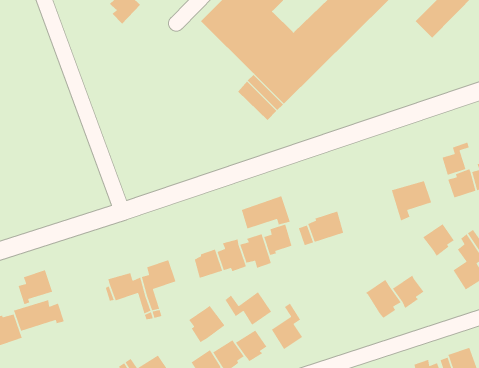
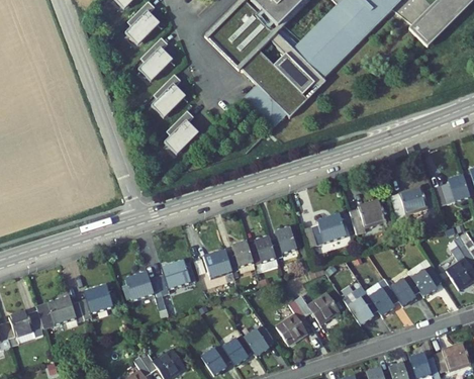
building: none -> [141,34,170,74]
building: none -> [155,71,184,110]
building: none -> [167,107,196,147]
building: [442,142,470,176] -> none
building: none -> [348,197,385,233]
building: [241,195,291,229] -> none
building: [422,223,455,257] -> [410,264,441,295]
building: [17,269,53,305] -> [78,284,111,317]
building: [225,291,272,326] -> [294,291,339,323]
building: none -> [348,292,377,323]
building: [188,305,226,343] -> none

